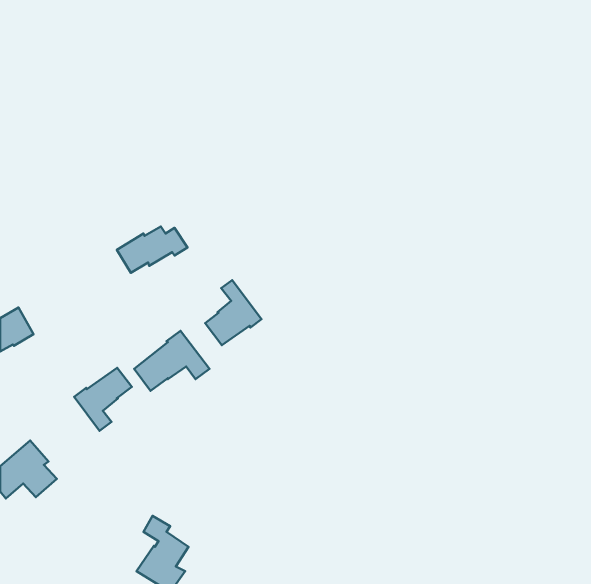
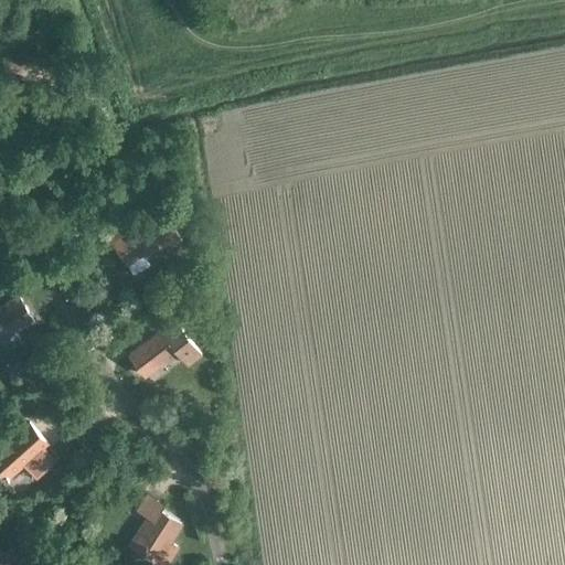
building: [205,280,261,345] -> none
building: [74,368,132,431] -> none

